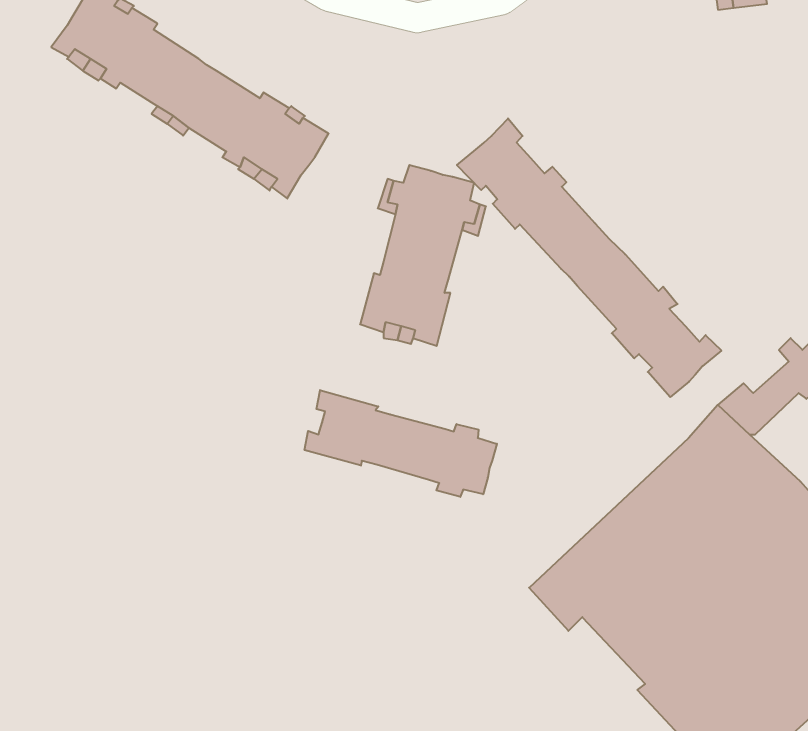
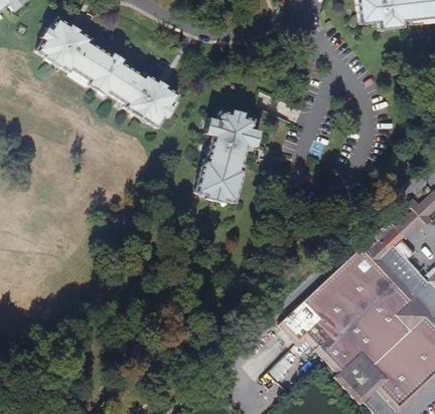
building: [457,118,721,397] -> none
building: [305,390,497,497] -> none

